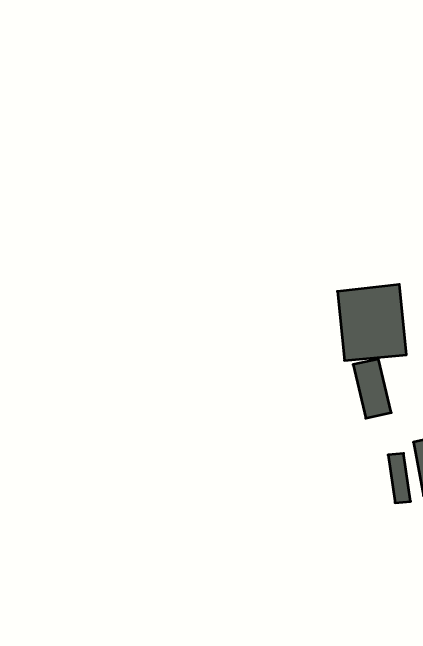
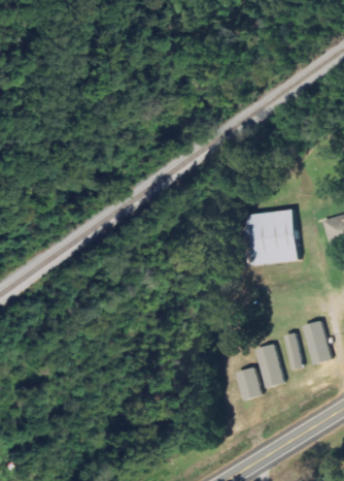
building: [353,359,391,418] -> [255,344,283,387]
building: none -> [235,366,262,399]

